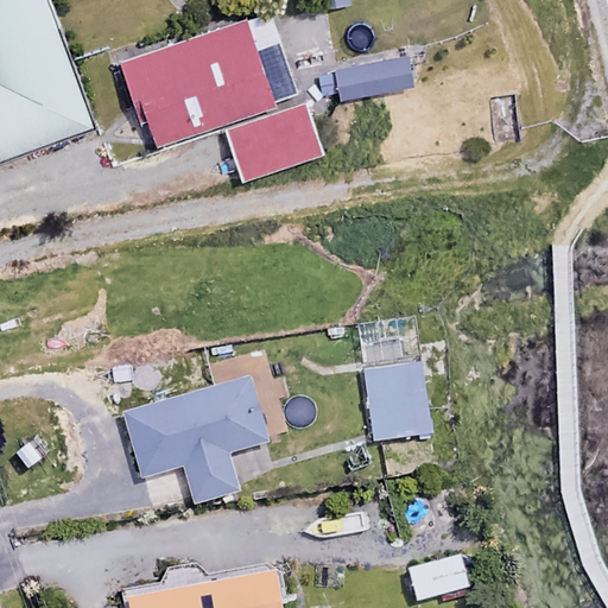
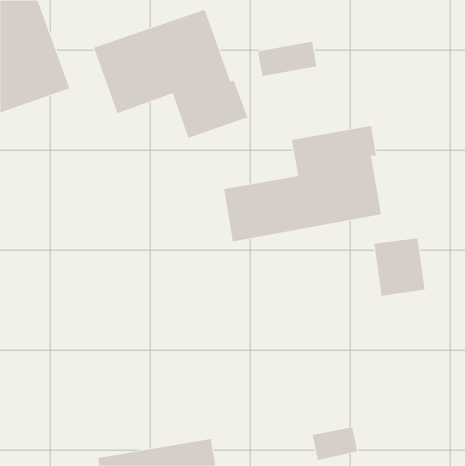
building: none -> [223,125,381,242]
building: [361,363,429,439] -> [373,238,425,296]
building: [124,380,266,502] -> none

